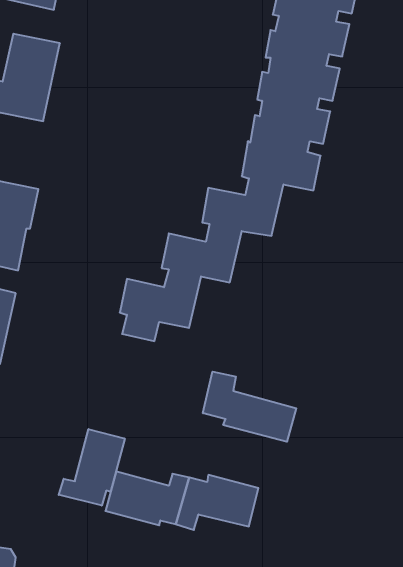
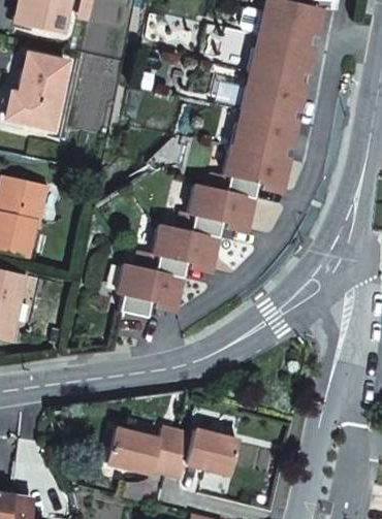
building: [203,372,296,442] -> none
building: [59,429,125,506] -> none

